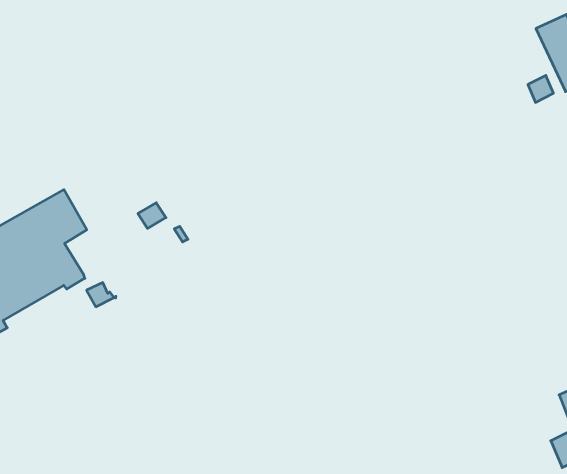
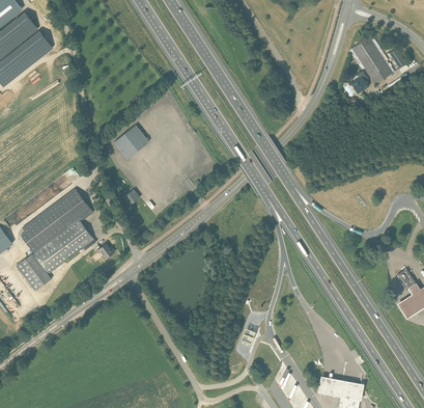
building: none -> [114,125,149,160]

